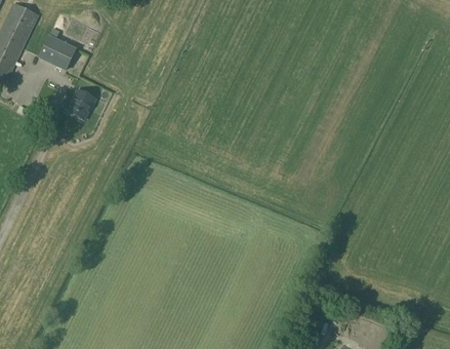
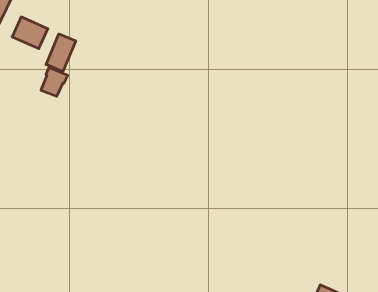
building: none -> [46,34,76,71]

